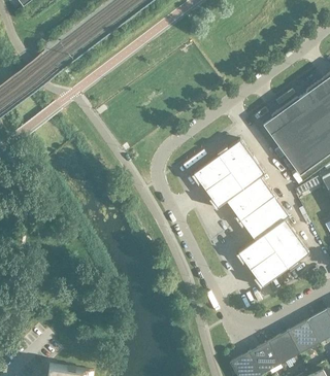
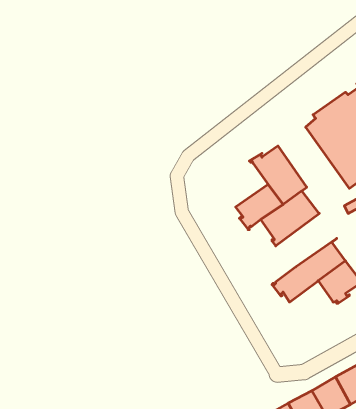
building: [191,153,232,190] -> none
building: [238,195,289,239] -> none
building: [250,250,286,287] -> none

